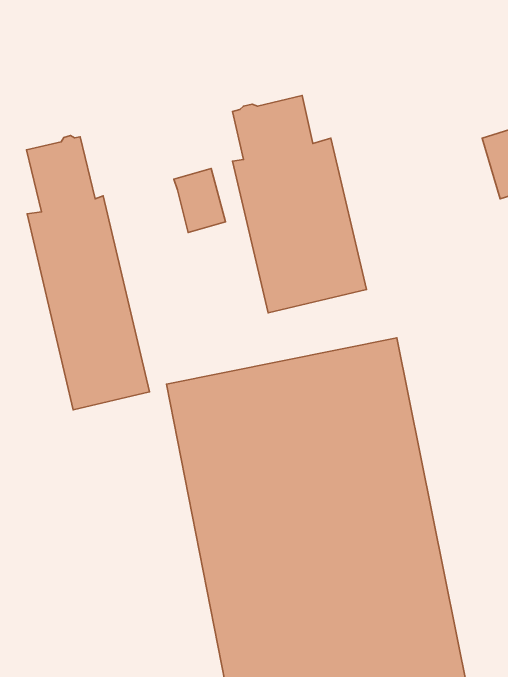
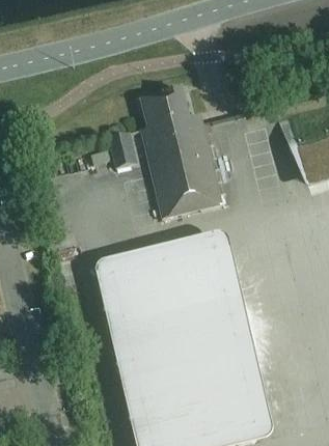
building: [26,135,149,410] -> none

